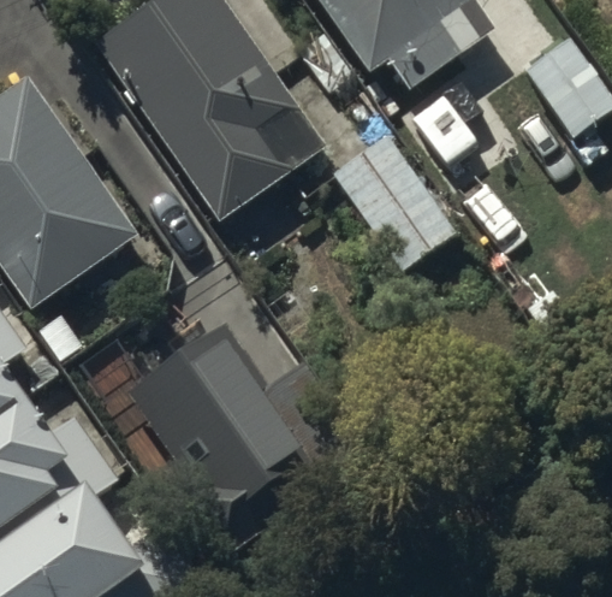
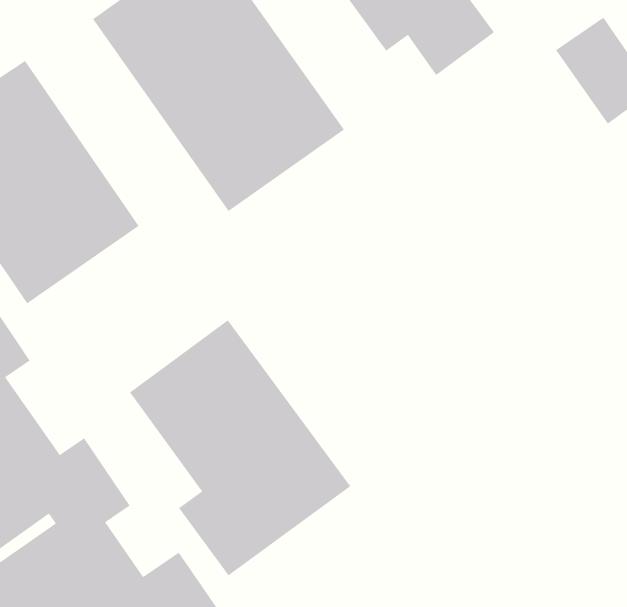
building: [322,130,456,276] -> none

